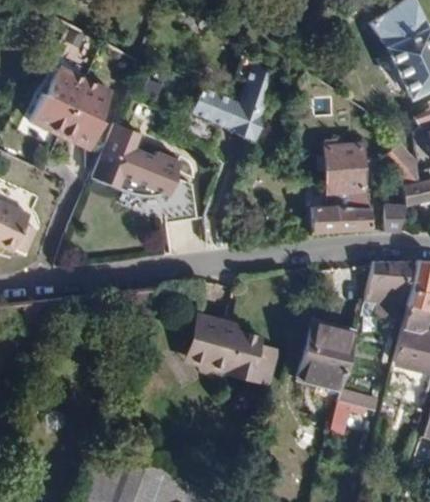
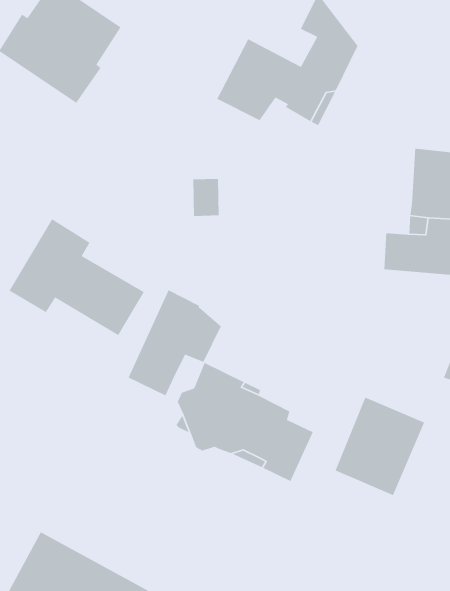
building: [85,119,179,194] -> [9,218,145,336]
building: none -> [128,289,222,397]
building: [330,388,378,436] -> none

